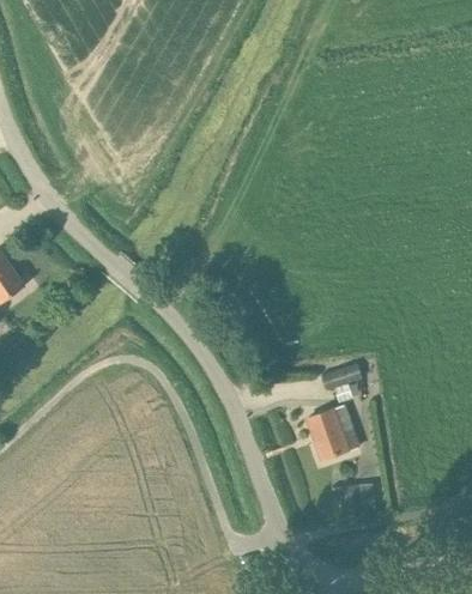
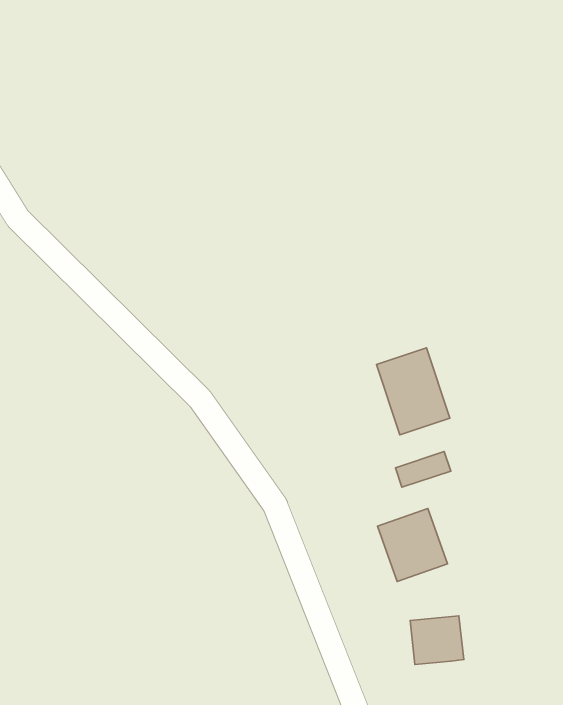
building: none -> [377,348,450,435]

